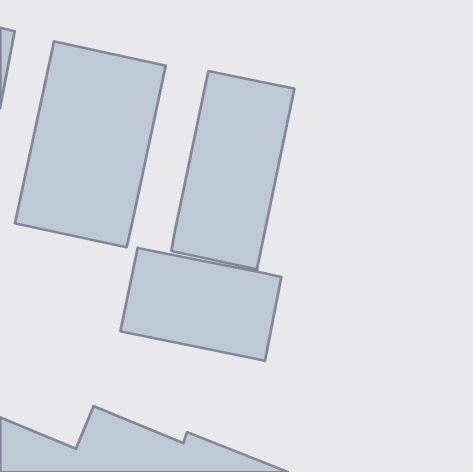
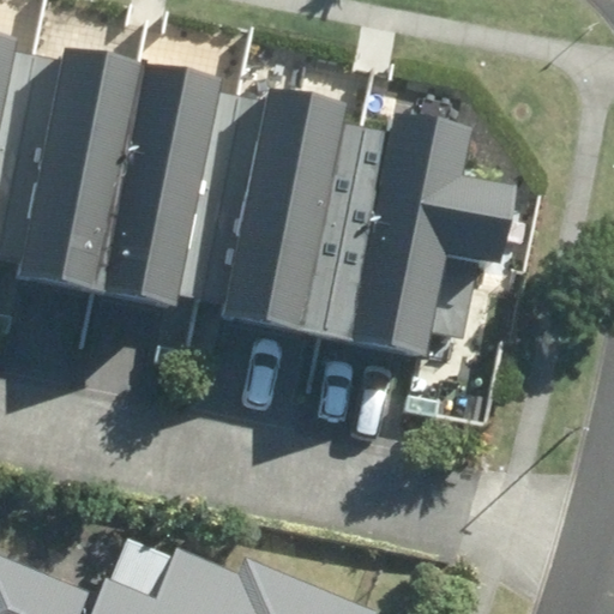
building: none -> [351,122,512,365]
building: [121,248,281,361] -> none

